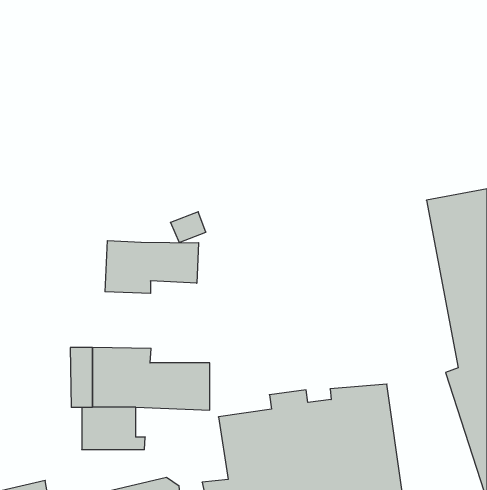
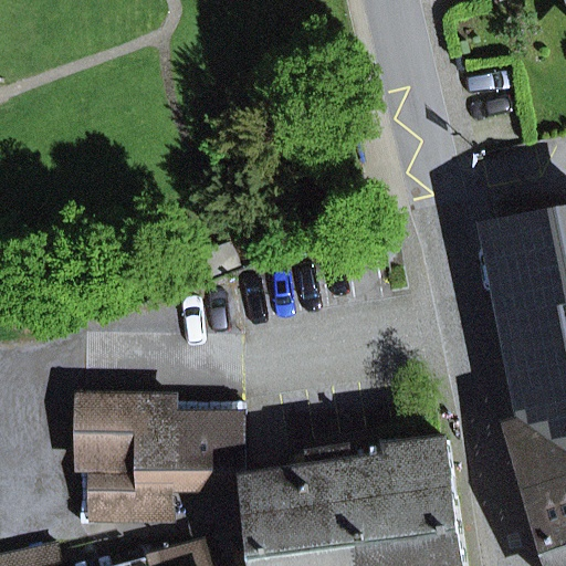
building: [105,241,199,293] -> none

